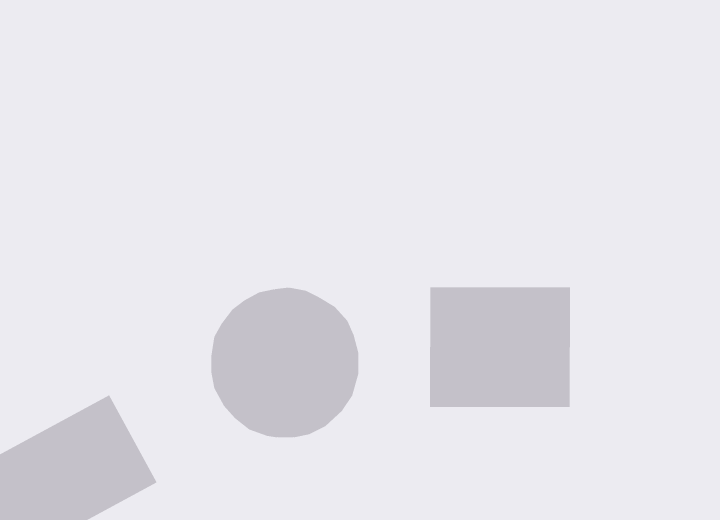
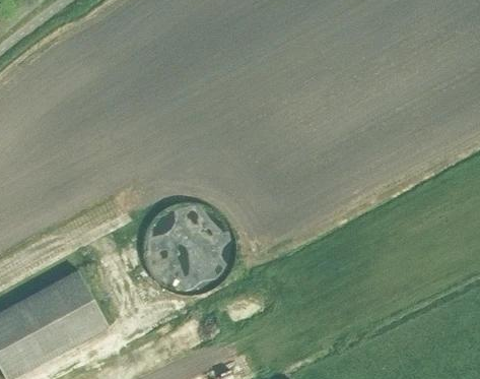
building: [429,287,570,408] -> none

